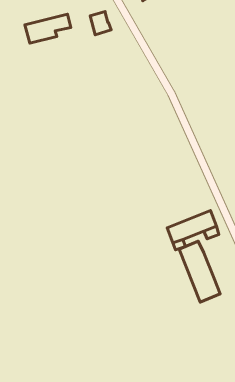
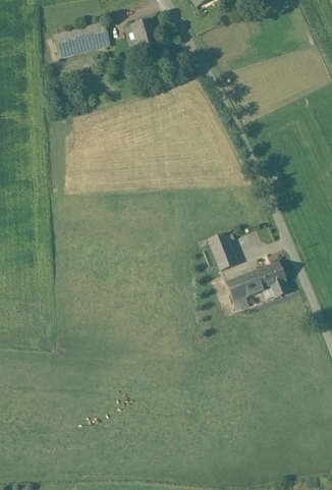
building: none -> [208,233,236,270]
building: [179,241,220,302] -> none

